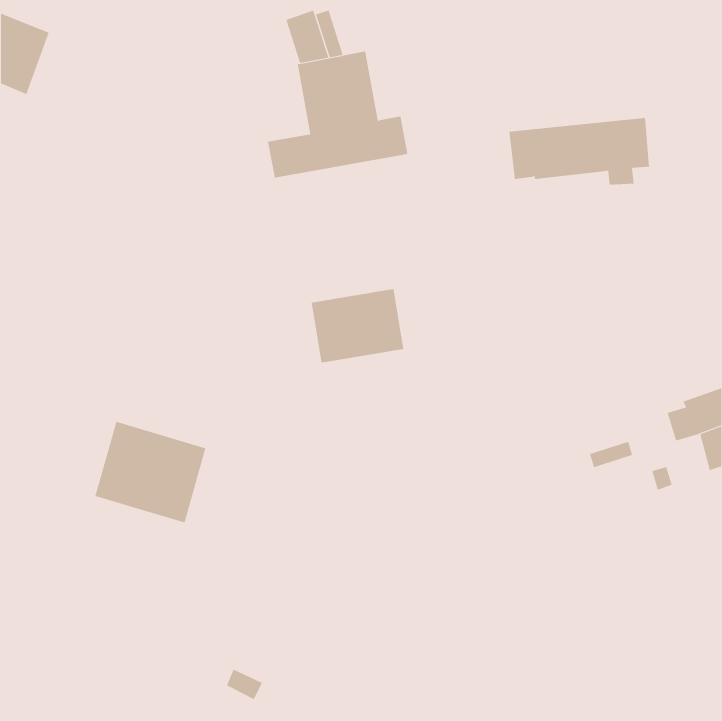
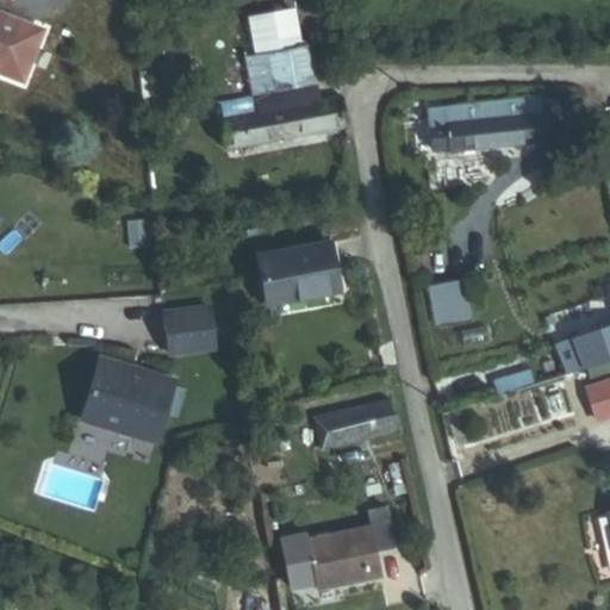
building: none -> [432,281,474,322]
building: none -> [162,304,214,354]
building: none -> [316,400,397,448]
building: none -> [279,506,397,592]

